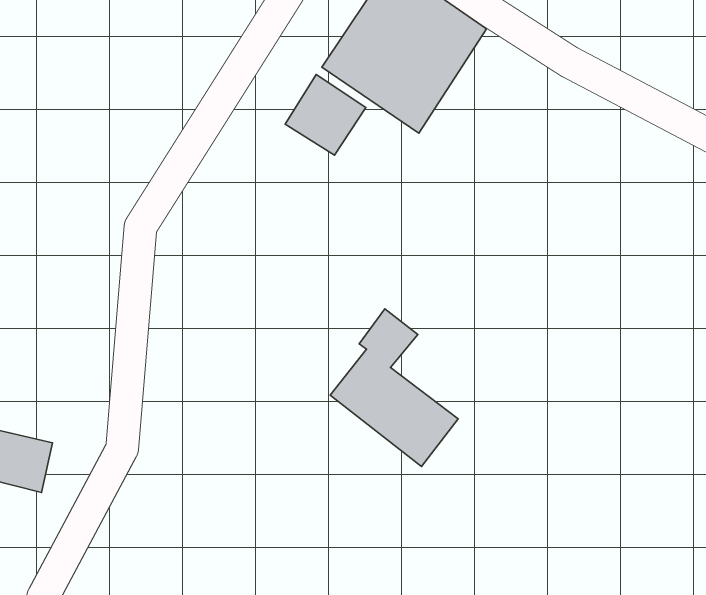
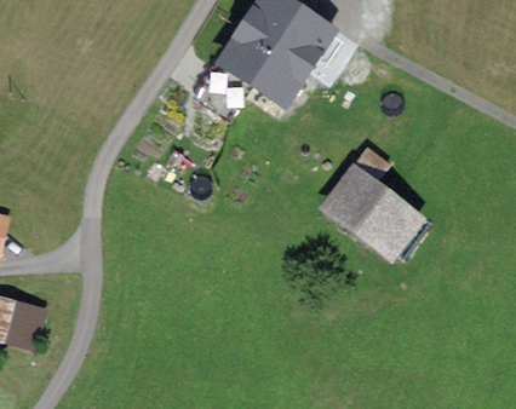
building: [330,309,458,467] -> [331,144,415,248]

